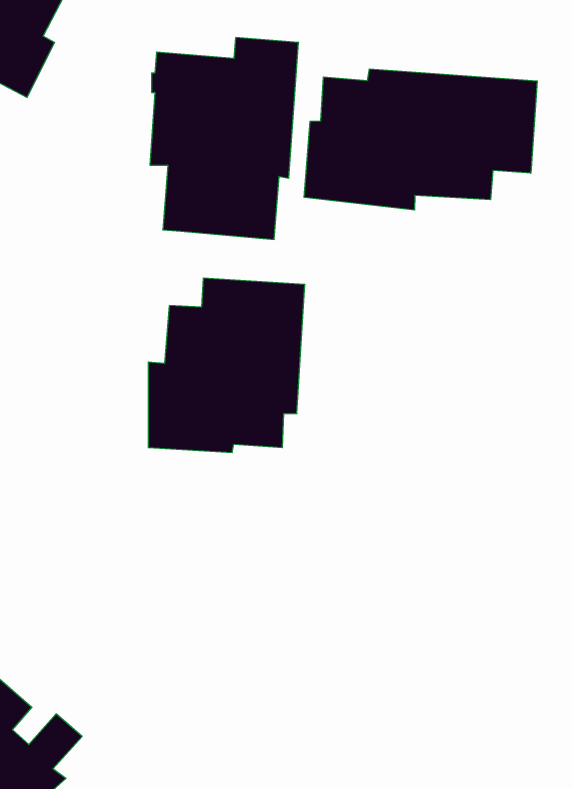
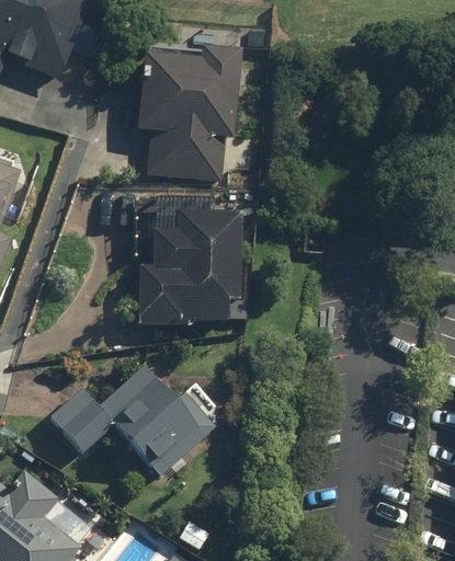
building: [304,69,537,210] -> none
building: none -> [50,363,214,478]

